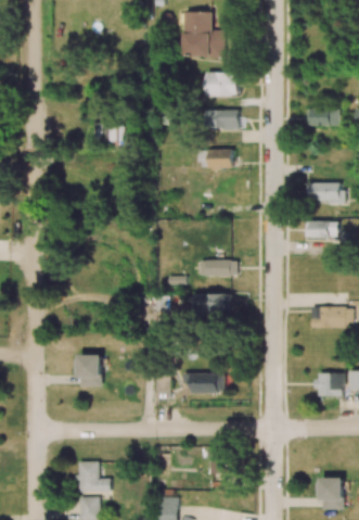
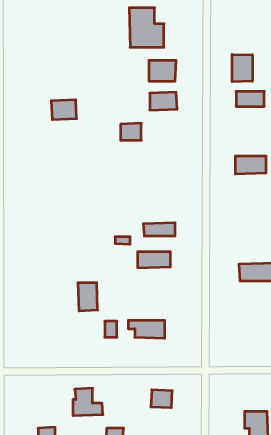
building: none -> [232,54,252,82]
building: [208,150,232,169] -> [121,123,141,140]
building: [305,221,337,238] -> none
building: [79,355,102,388] -> [78,283,98,311]
building: [316,373,343,397] -> none
building: [75,461,110,493] -> [73,388,103,416]

